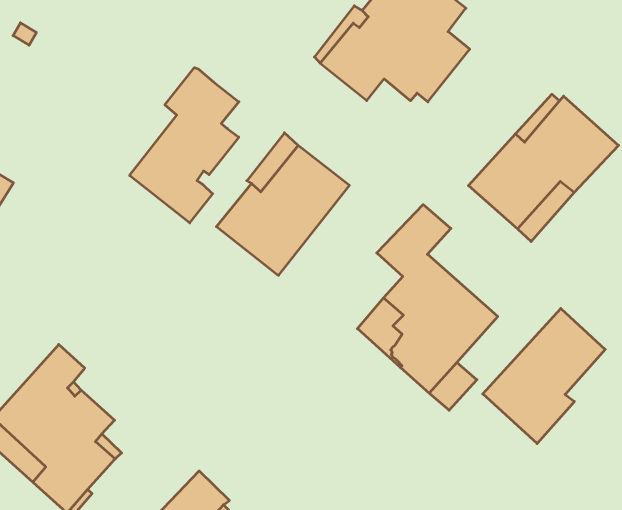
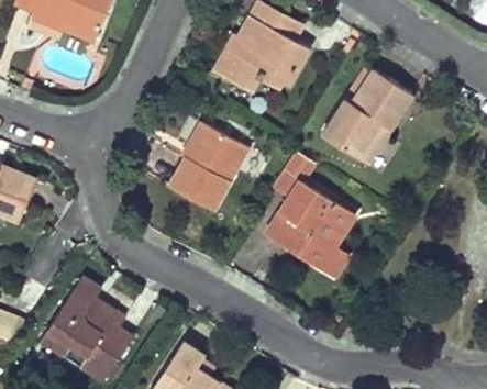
building: [130,68,239,223] -> none
building: [483,308,605,444] -> none

